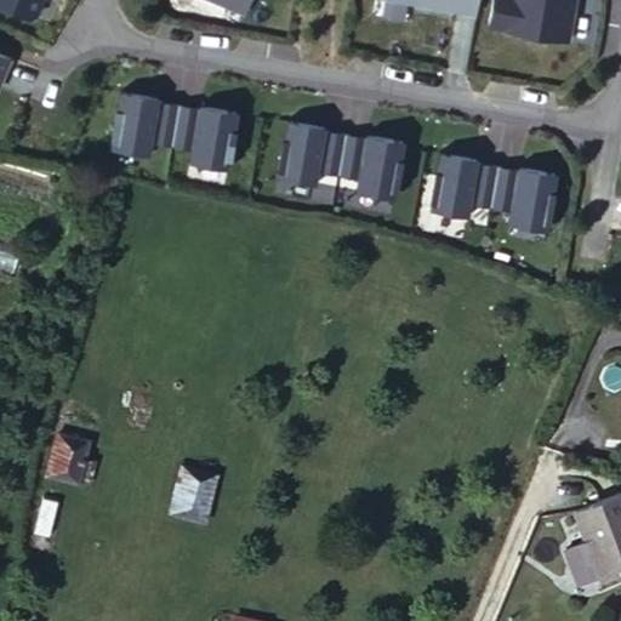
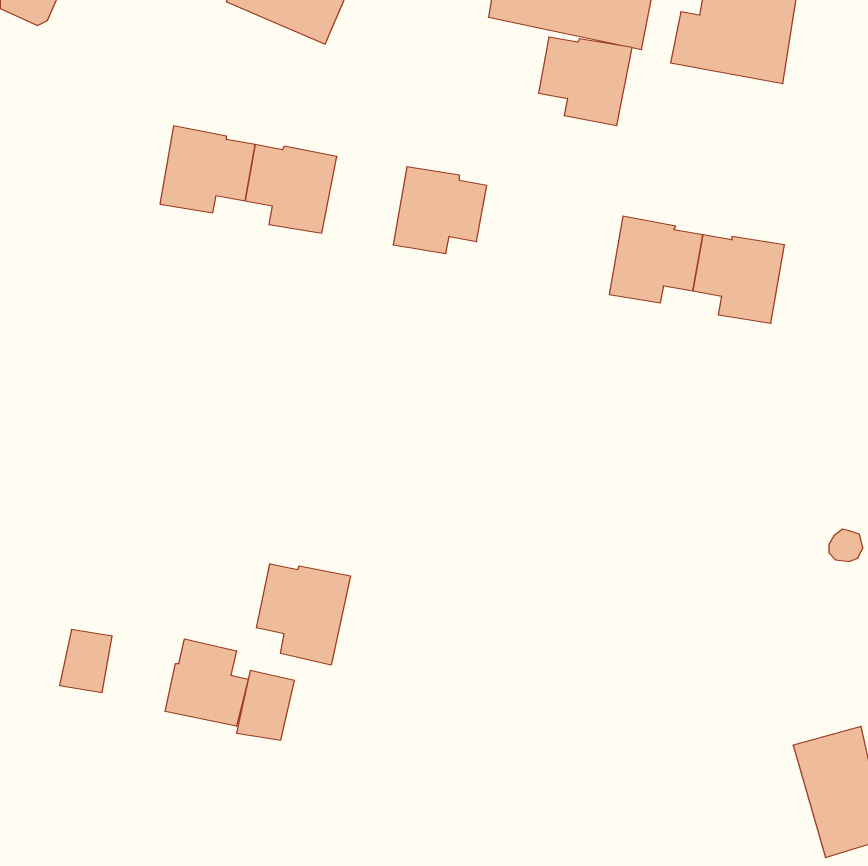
building: [341,132,408,195] -> [539,37,632,126]
building: none -> [256,564,350,665]
building: none -> [165,639,248,726]

